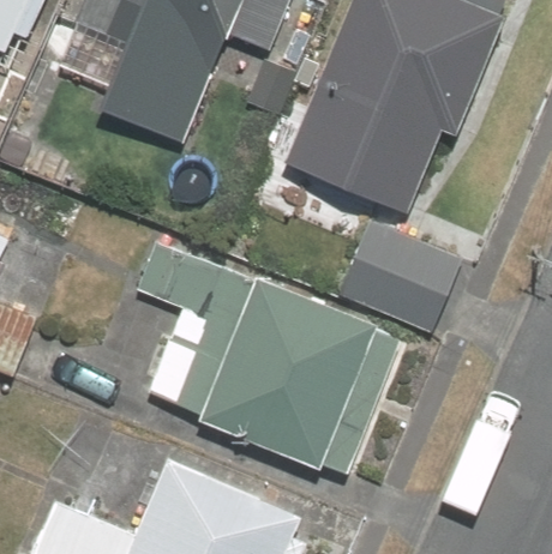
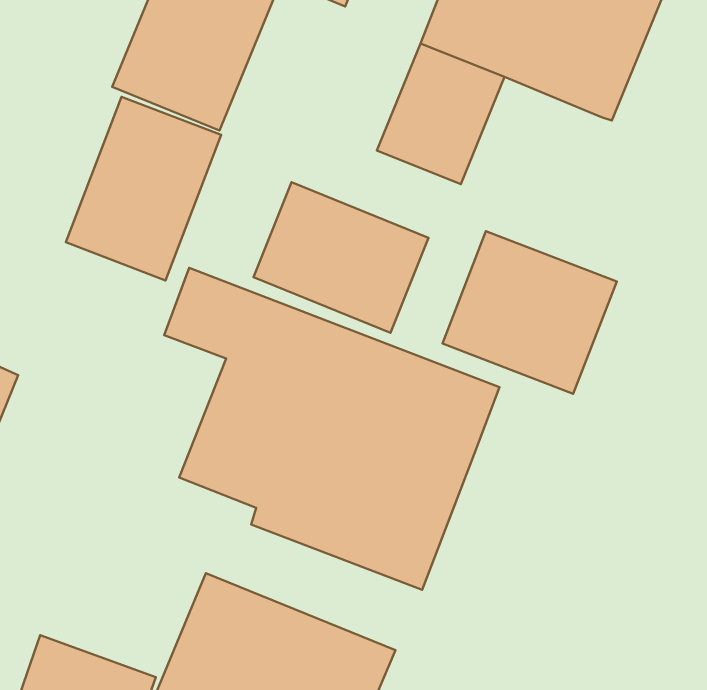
building: none -> [66,97,221,280]
building: none -> [253,182,429,333]

